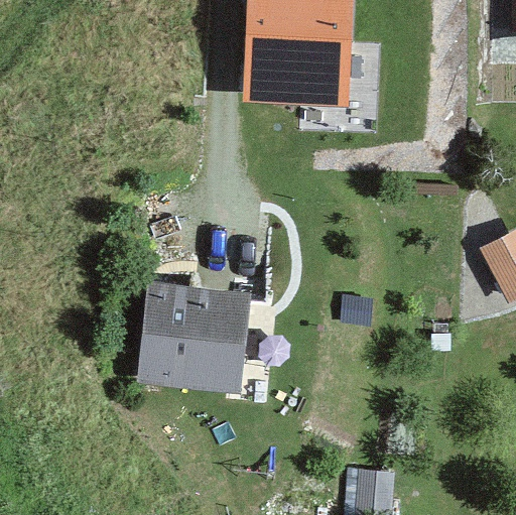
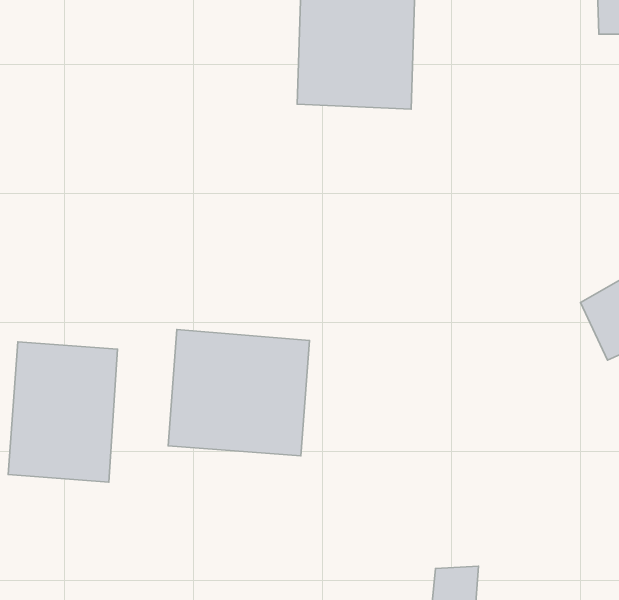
building: none -> [8,342,118,482]

